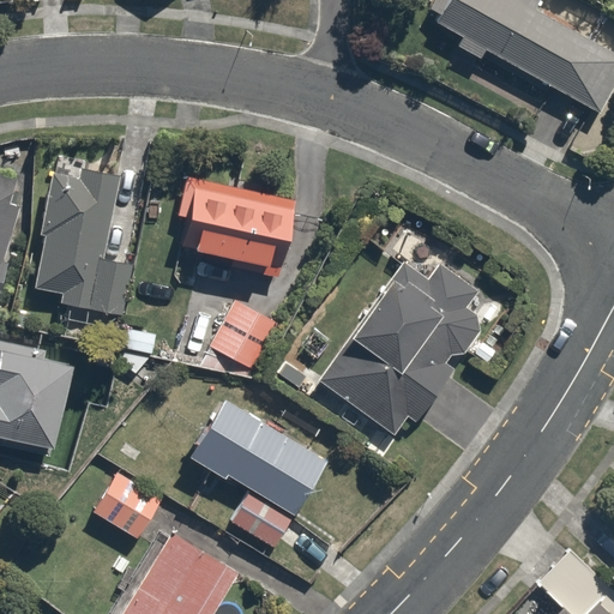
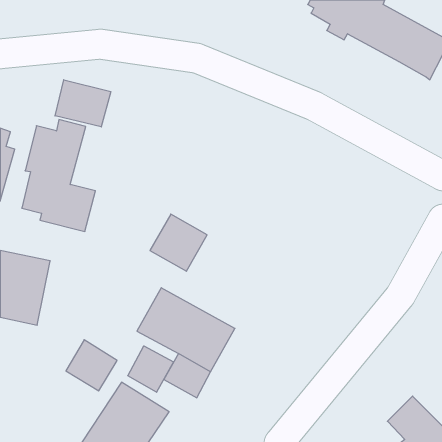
building: none -> [55,80,111,127]
building: [179,175,301,270] -> none
building: [318,263,511,443] -> none
building: none -> [128,346,173,392]

